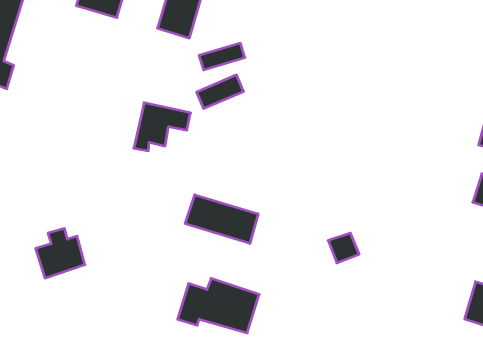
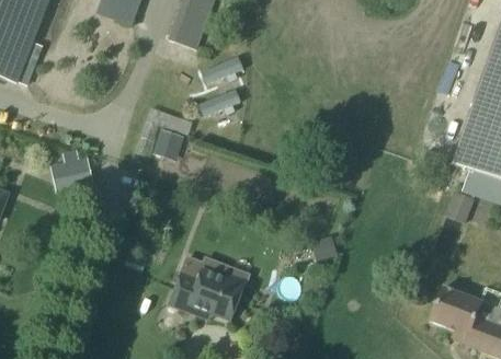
building: [185,195,258,244] -> none
building: [36,229,85,278] -> [48,149,92,193]

